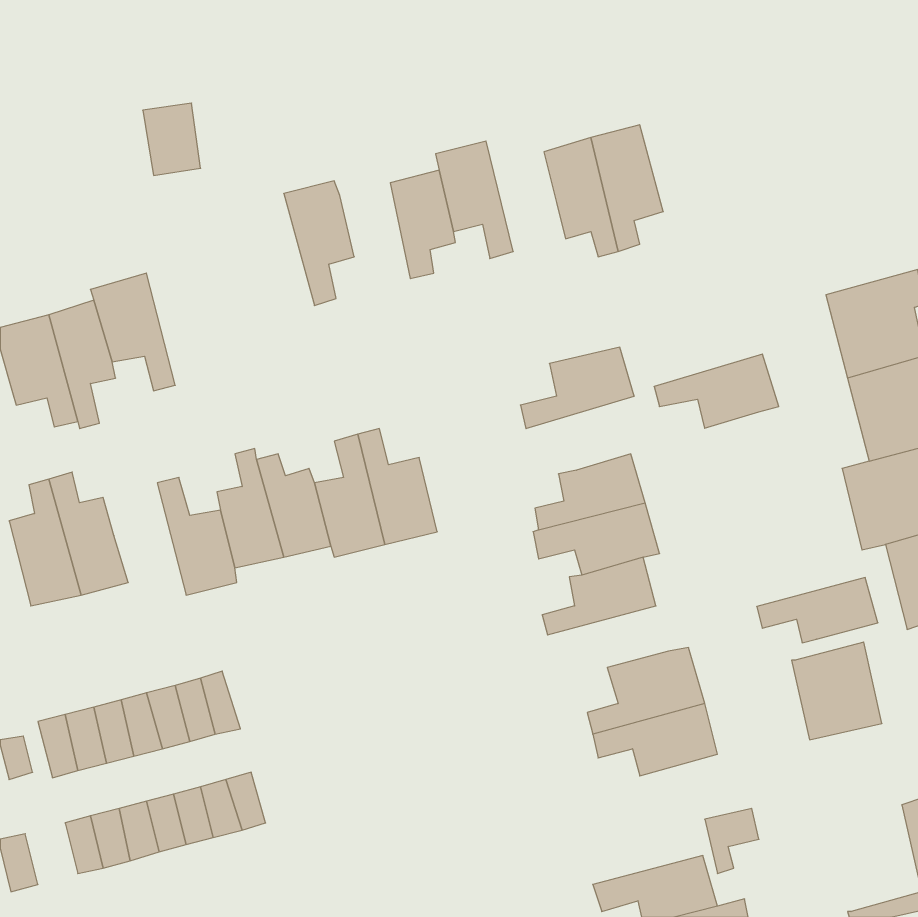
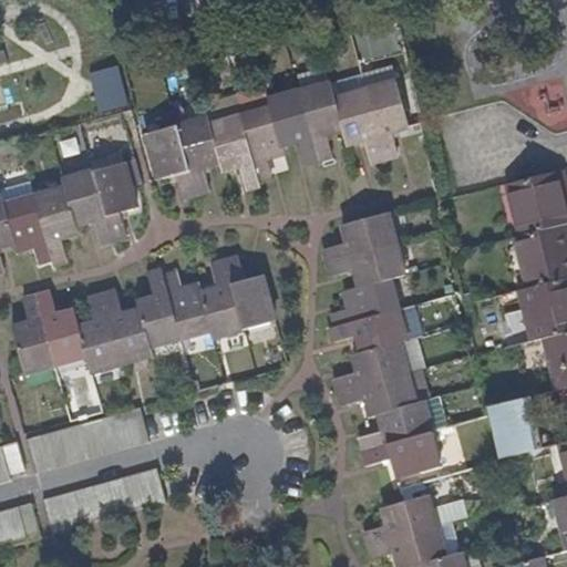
building: none -> [301,79,344,154]
building: none -> [212,112,258,186]
building: none -> [144,118,196,190]
building: none -> [93,158,135,236]
building: [654,354,779,428] -> [326,243,402,288]
building: none -> [73,296,117,372]
building: [757,578,878,643] -> [339,371,413,411]
building: none -> [363,492,434,542]

